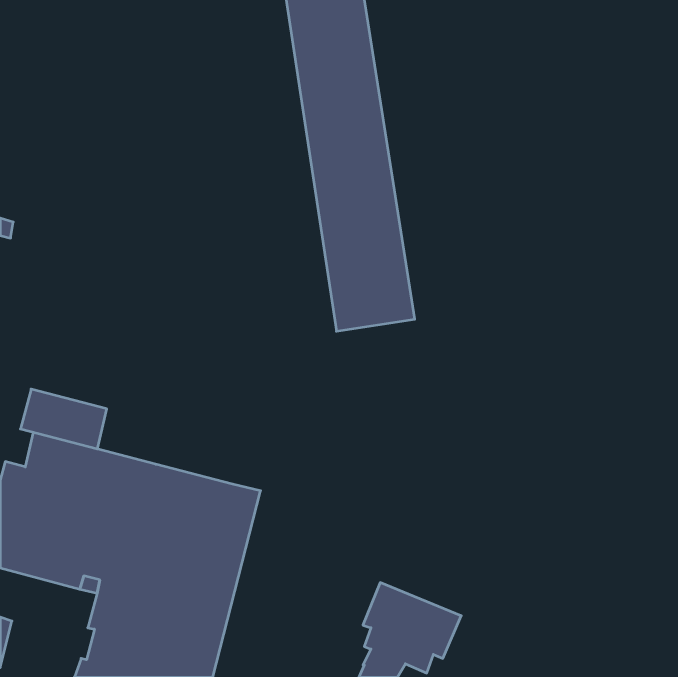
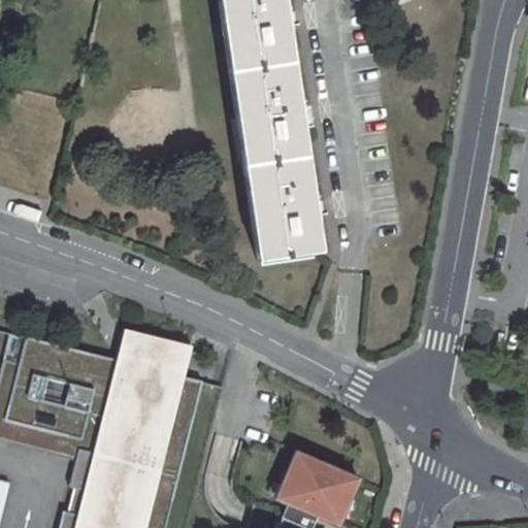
building: [20,389,107,449] -> [122,329,189,375]

